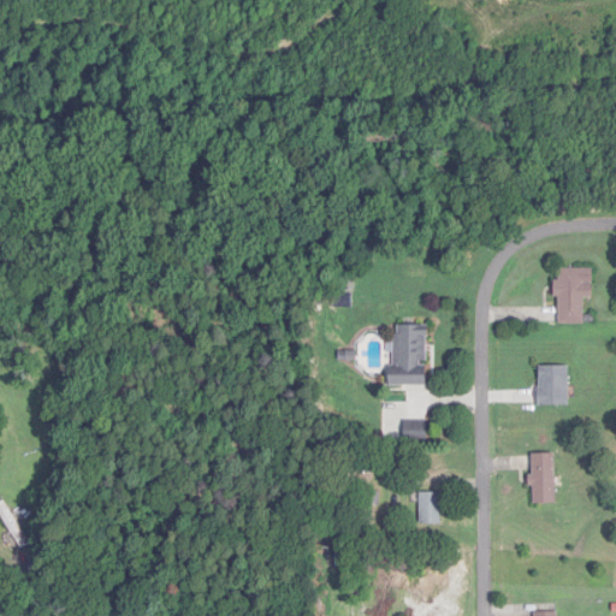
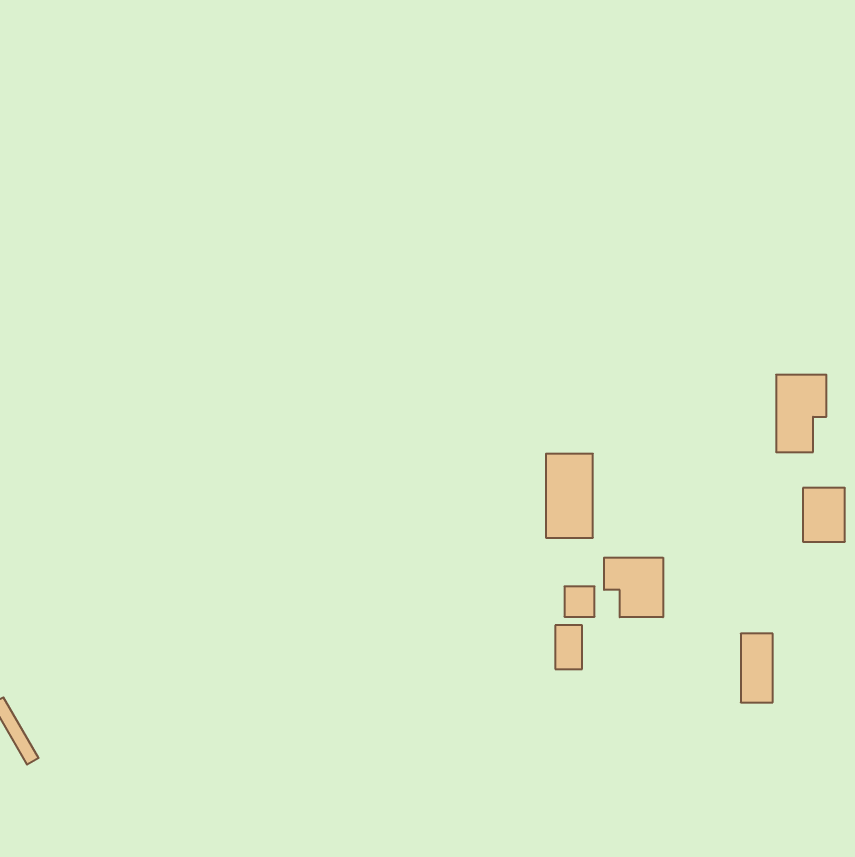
building: [537,366,567,404] -> [803,488,845,542]
building: none -> [604,558,663,617]
building: [420,492,439,523] -> [555,625,582,669]

